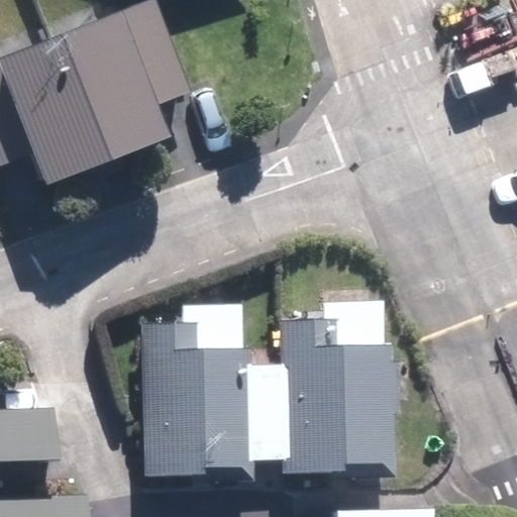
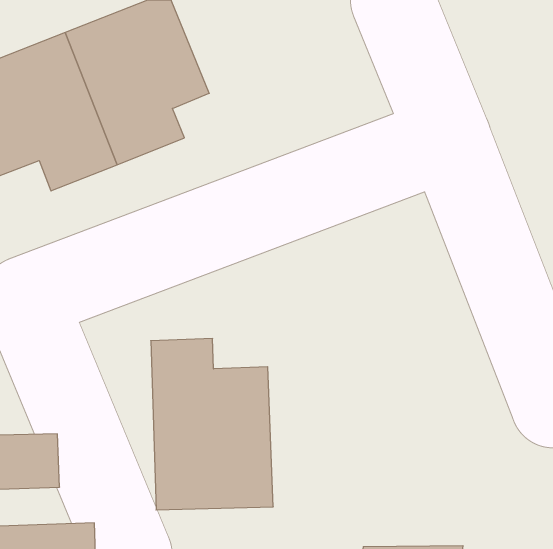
building: [282,323,393,475] -> none

